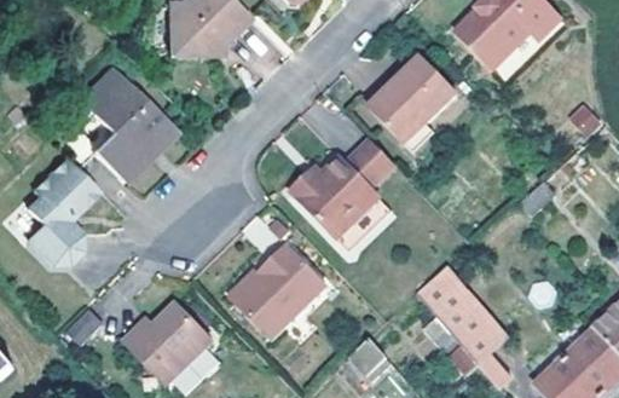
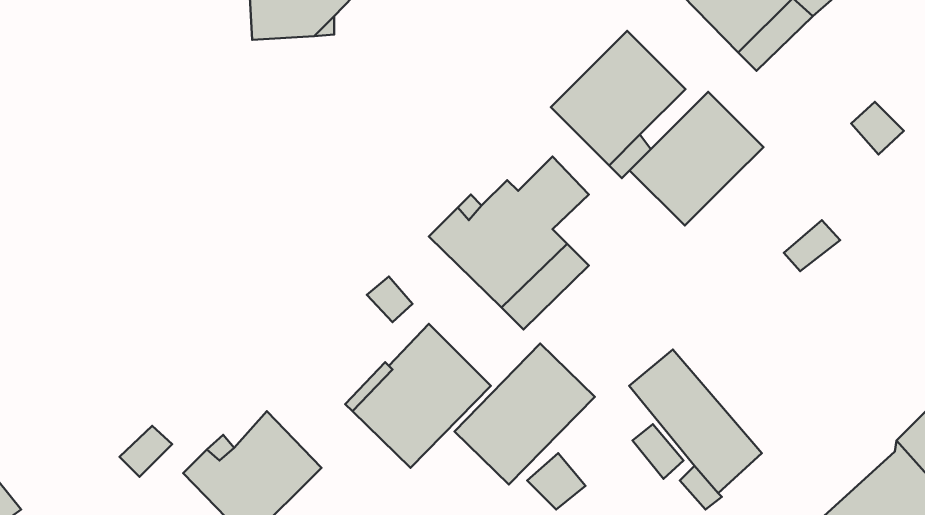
building: [80,68,174,181] -> none
building: none -> [630,92,763,226]
building: [25,156,98,264] -> none
building: none -> [454,343,595,485]

